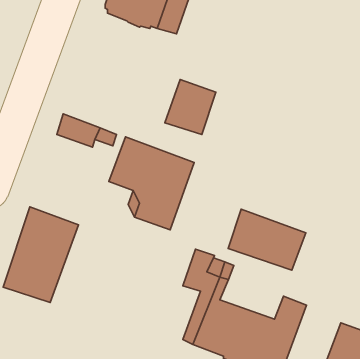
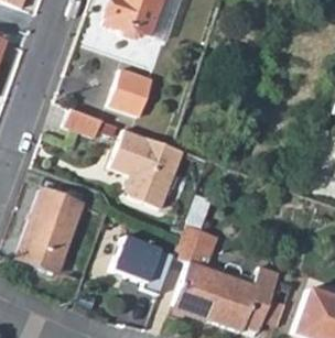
building: [165,80,216,134] -> [109,67,153,115]
building: [228,209,306,270] -> none
building: none -> [111,235,159,281]

